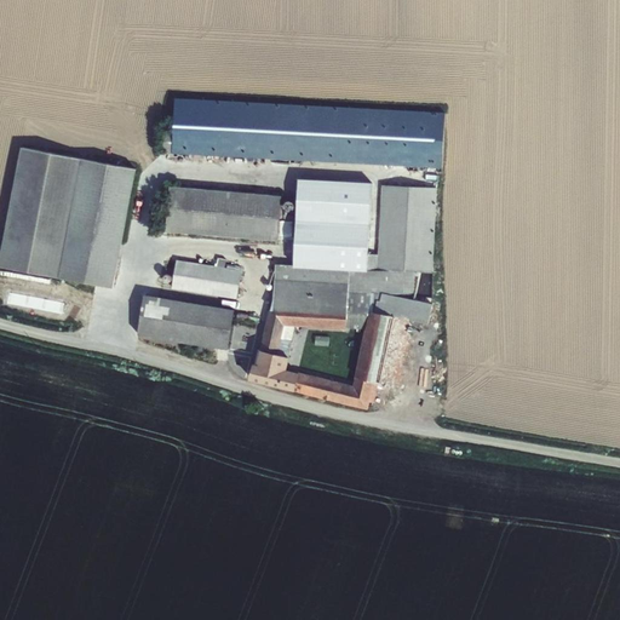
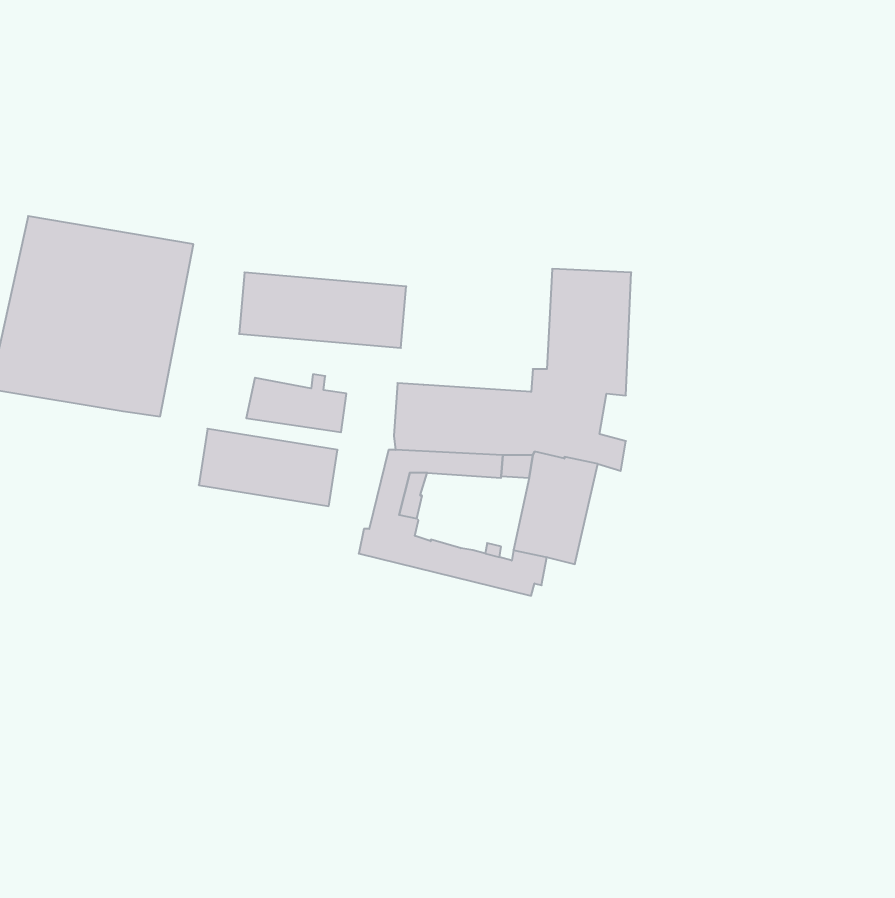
building: [171,98,444,168] -> none
building: [292,179,371,270] -> none

